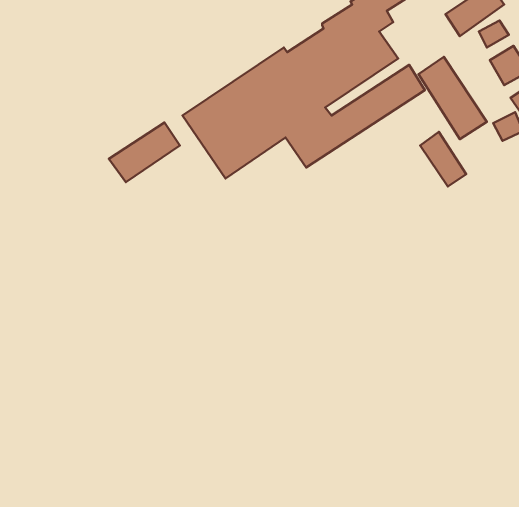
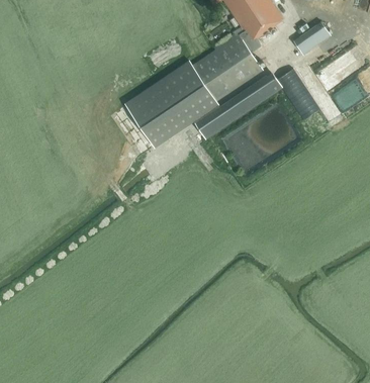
building: [109,123,180,182] -> none
building: [420,132,466,186] -> none

